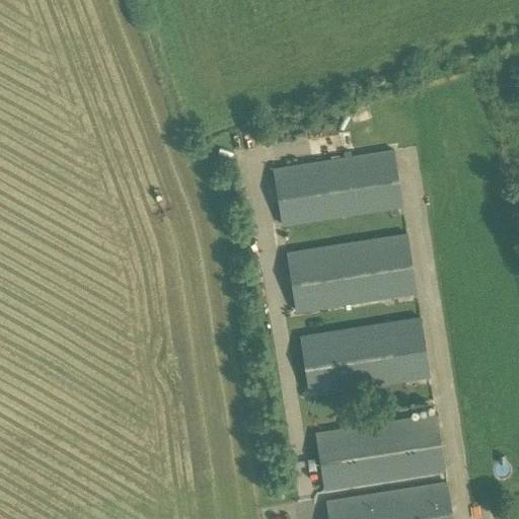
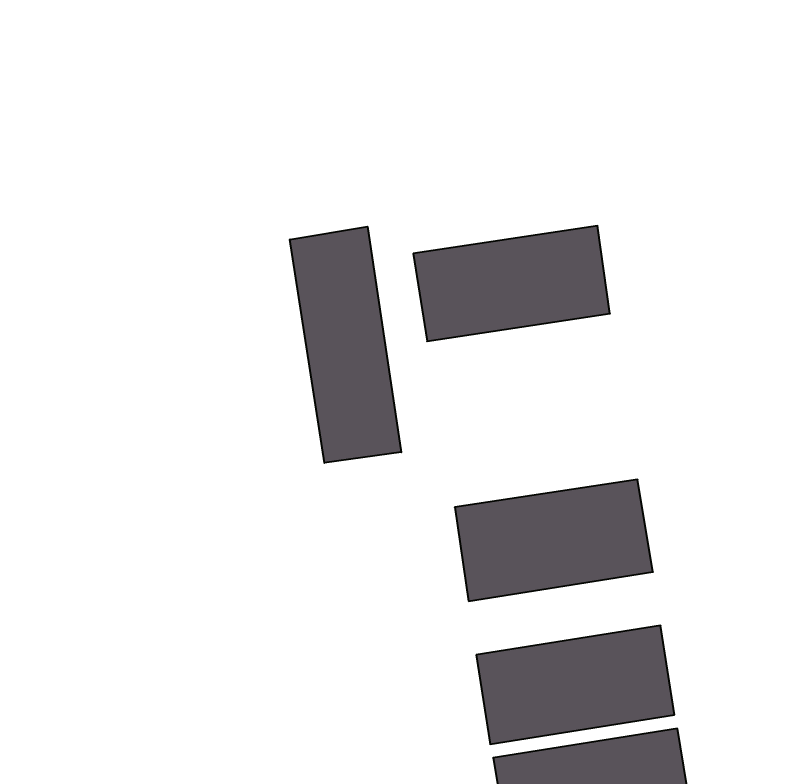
building: none -> [290,227,401,463]
building: [287,233,417,313] -> none

